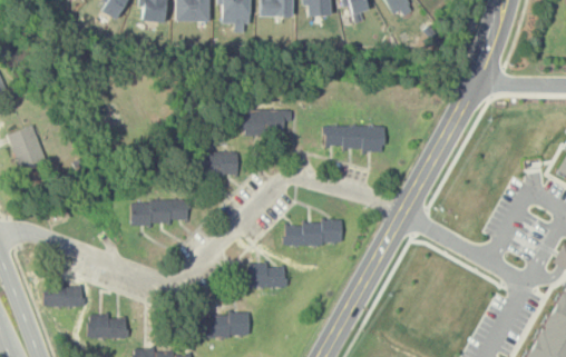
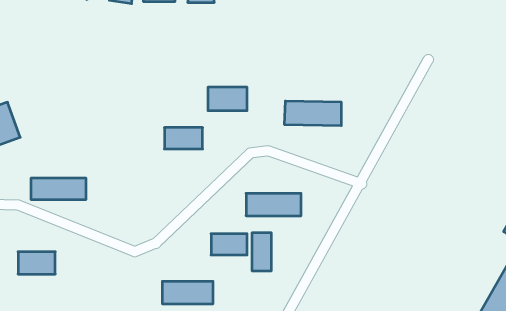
building: [131,200,189,222] -> [31,178,86,199]
building: none -> [252,233,271,271]
building: [97,319,126,339] -> none

